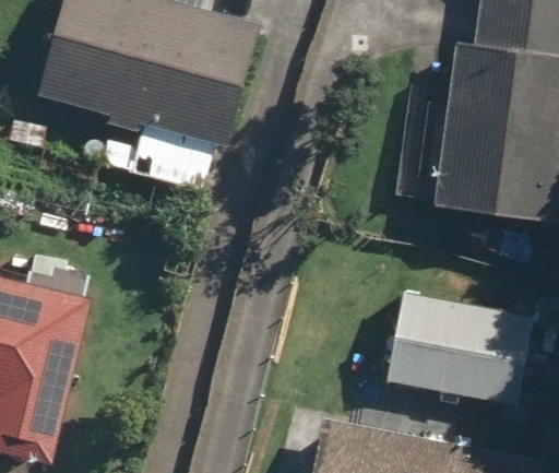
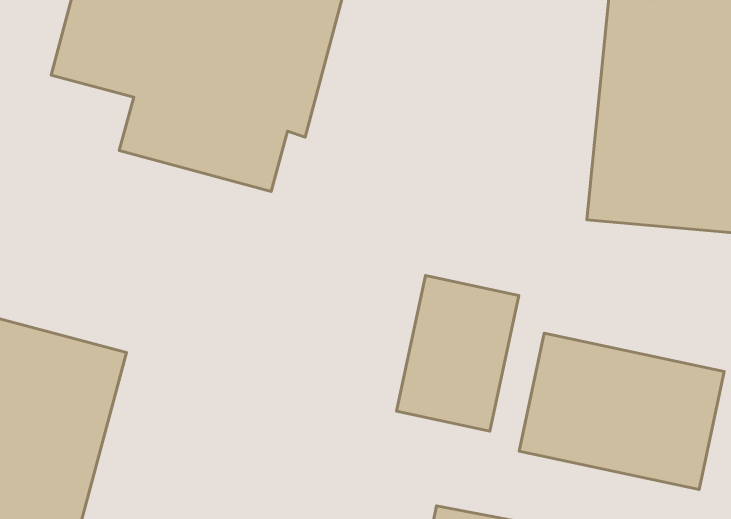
building: none -> [396,275,519,431]

